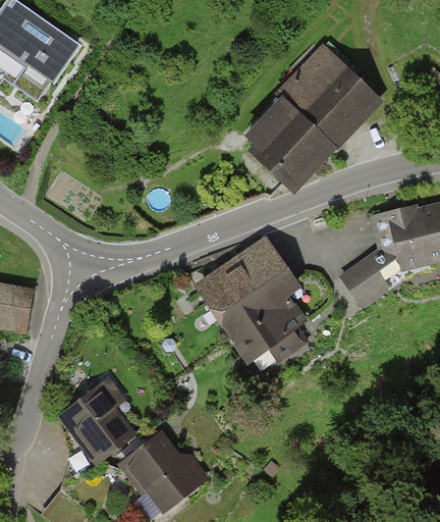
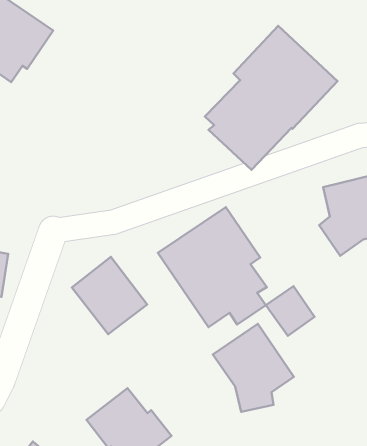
building: [336,254,388,307] -> [266,286,314,336]
building: none -> [213,324,294,412]
building: [57,383,138,466] -> [72,257,147,334]

